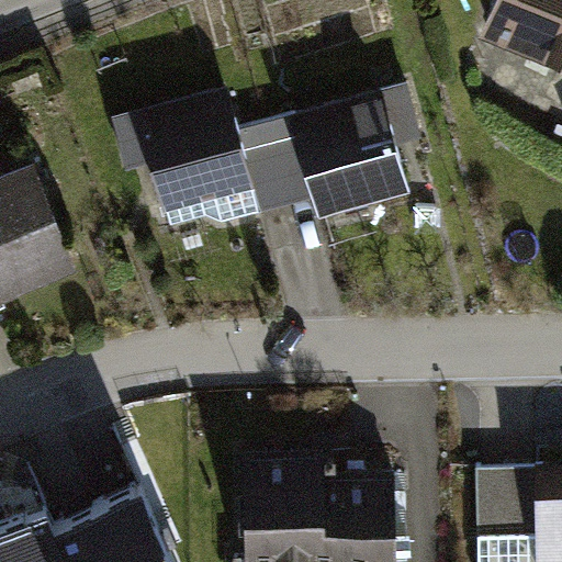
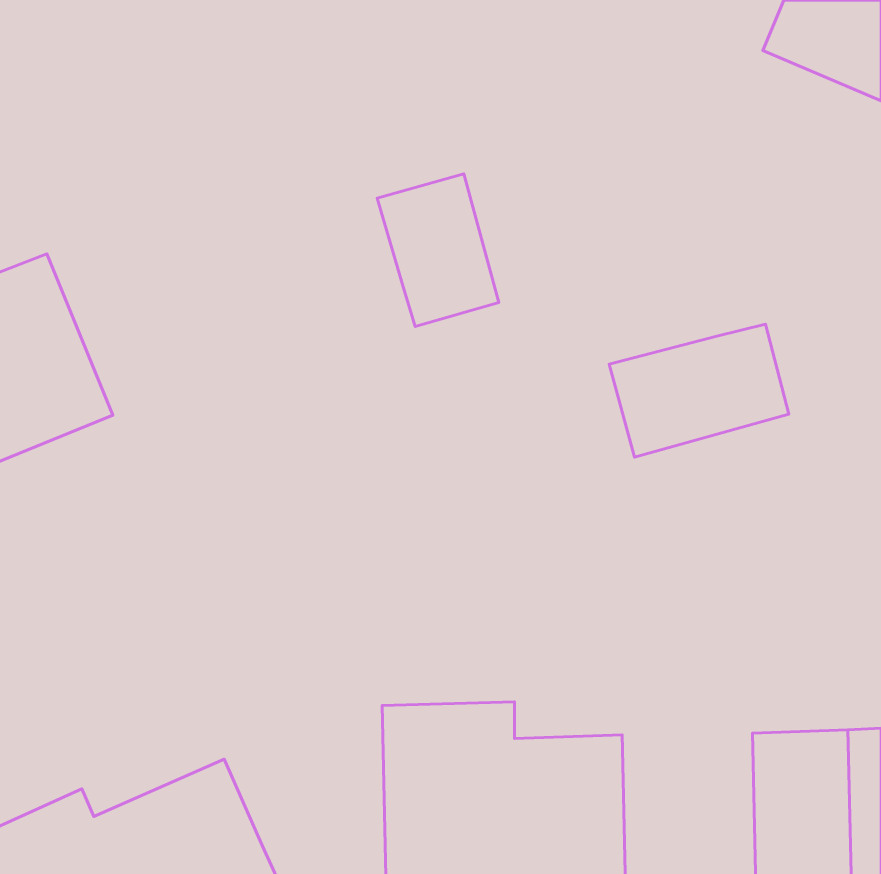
building: [293,87,424,218] -> none
building: [111,89,255,215] -> none
building: none -> [609,324,789,457]

